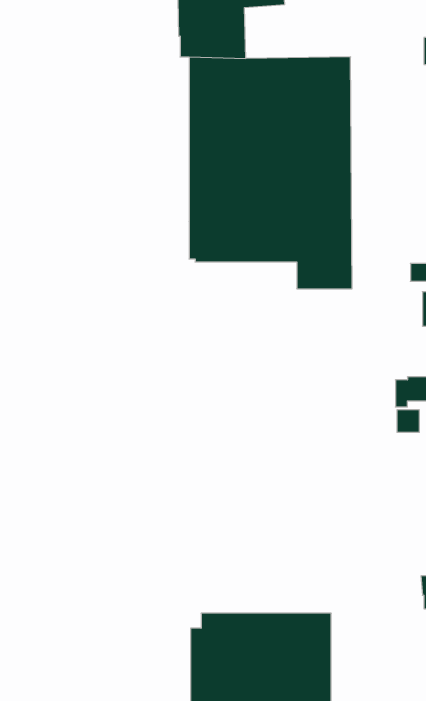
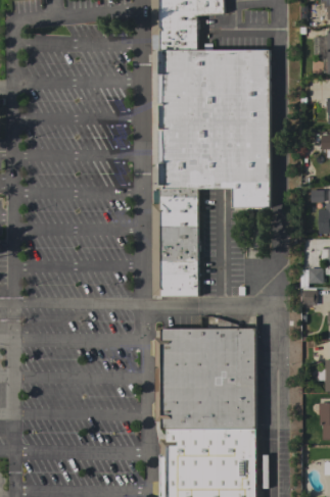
building: none -> [152,189,199,296]
building: none -> [155,317,256,429]

